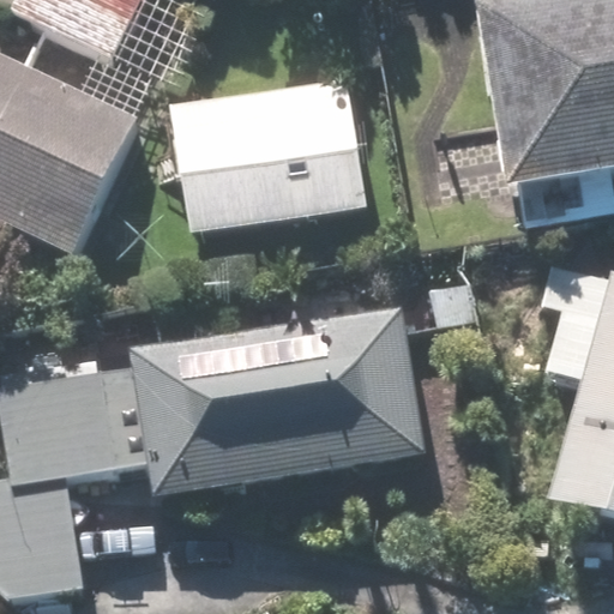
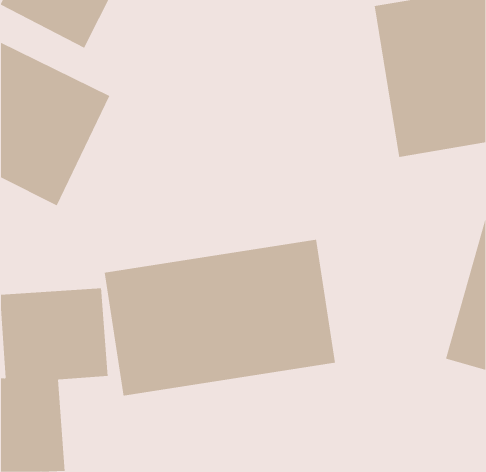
building: [169,79,365,233] -> none

